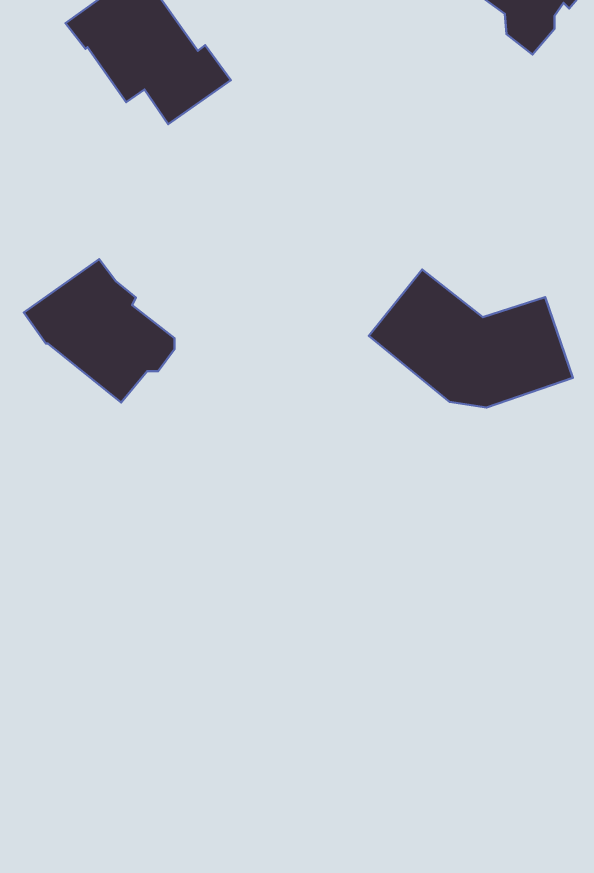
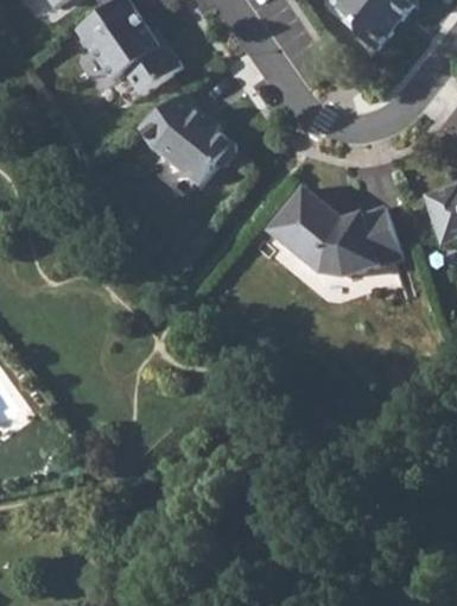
building: [24,259,175,402] -> [137,94,234,187]

